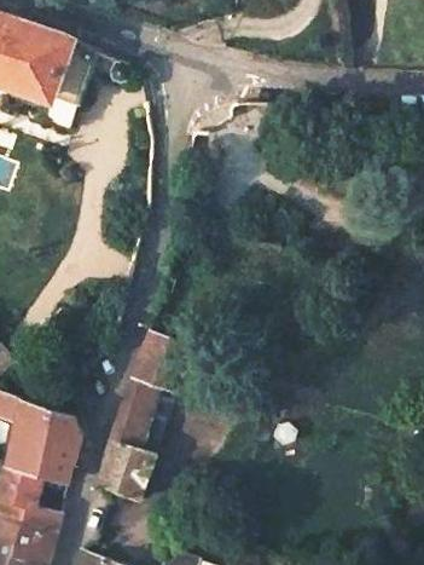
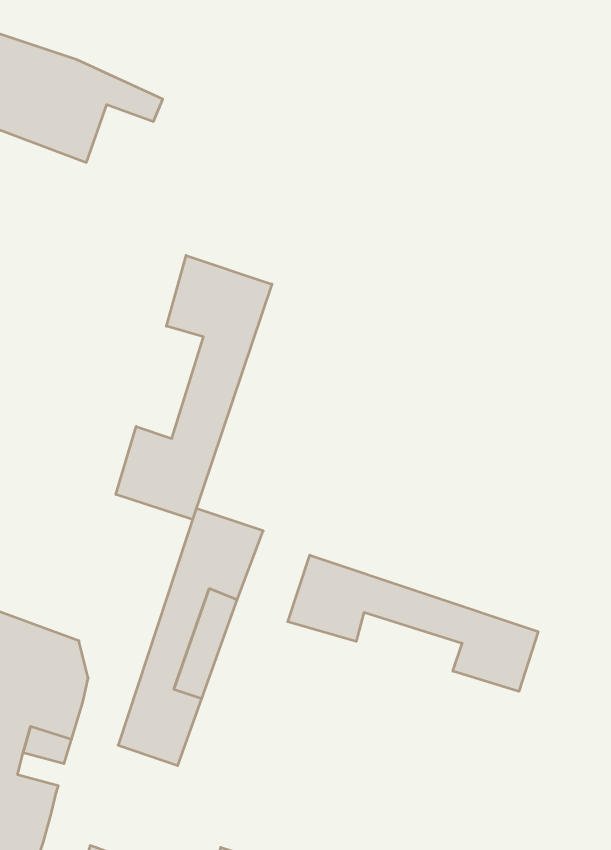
building: none -> [116,255,272,520]
building: none -> [288,555,538,691]

